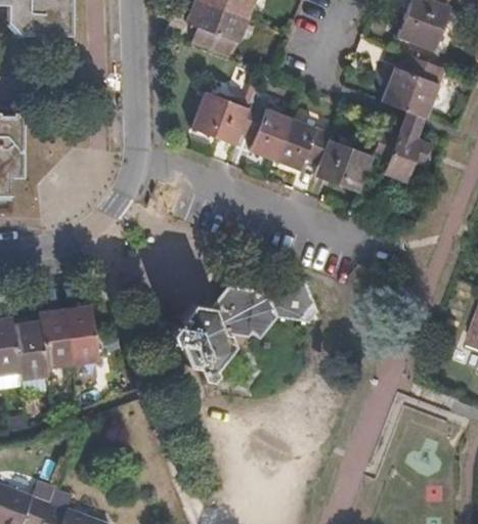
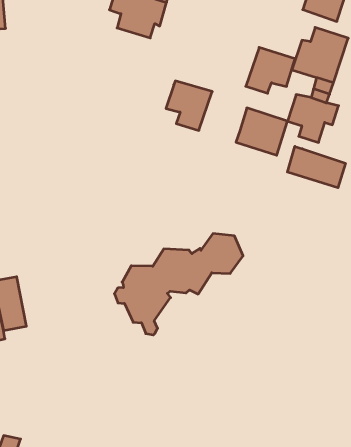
building: [191,90,250,145] -> none
building: [274,119,331,170] -> [246,47,295,93]
building: none -> [287,146,345,188]
building: [63,306,97,364] -> none

